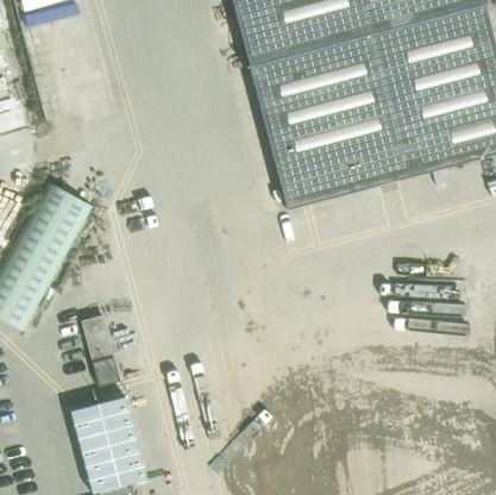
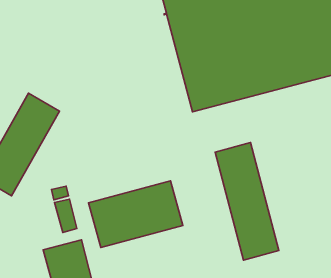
building: none -> [215,142,279,260]
building: none -> [88,181,183,248]

